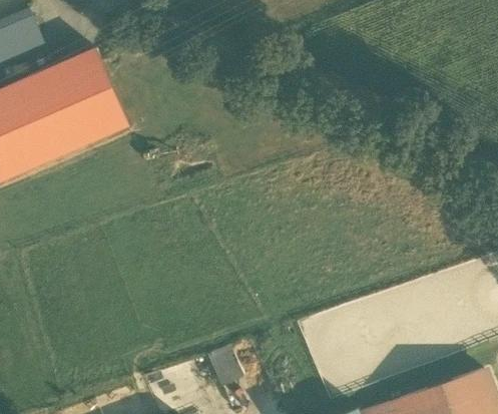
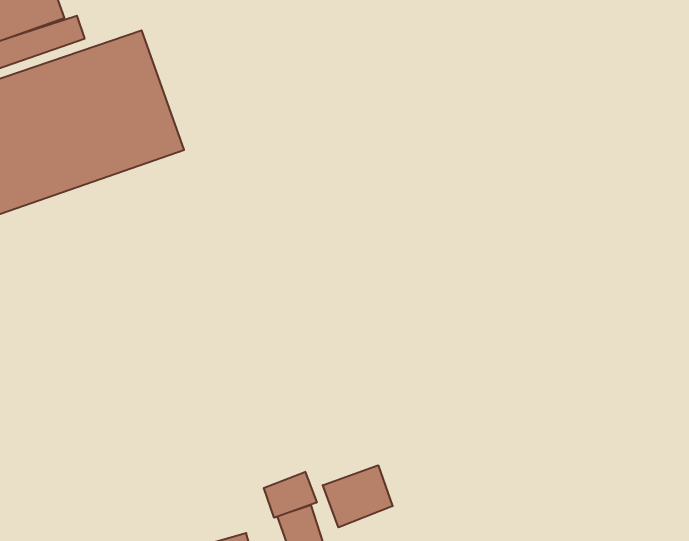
building: none -> [323,465,393,527]
building: none -> [264,472,317,518]

